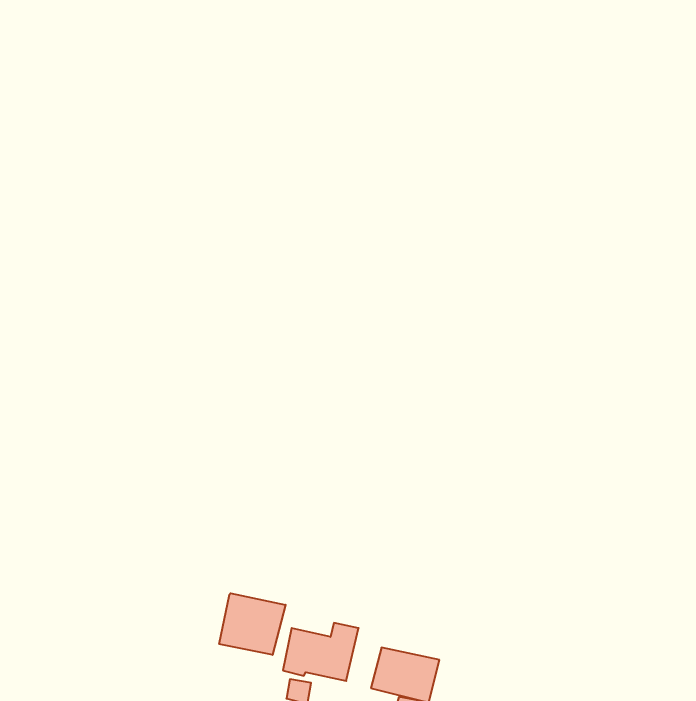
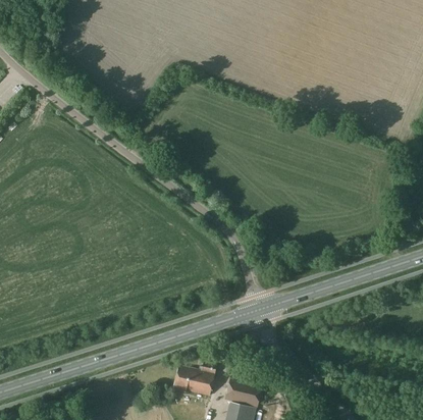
building: [219,593,286,655] -> none

